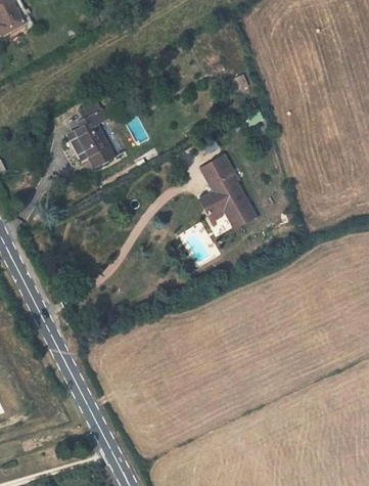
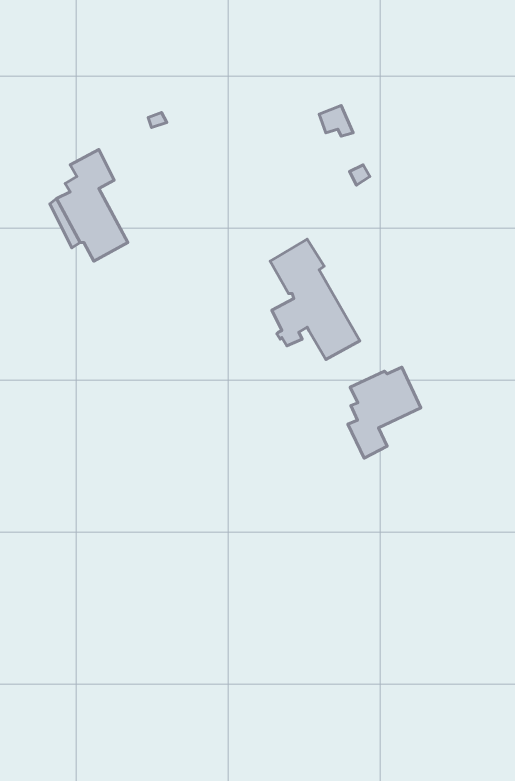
building: none -> [348,367,421,458]

